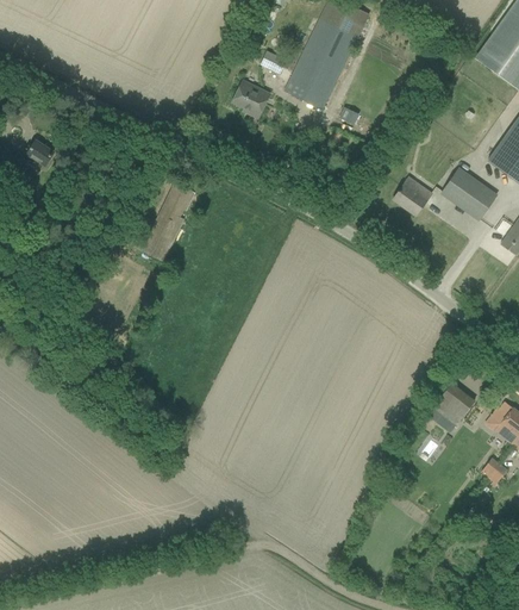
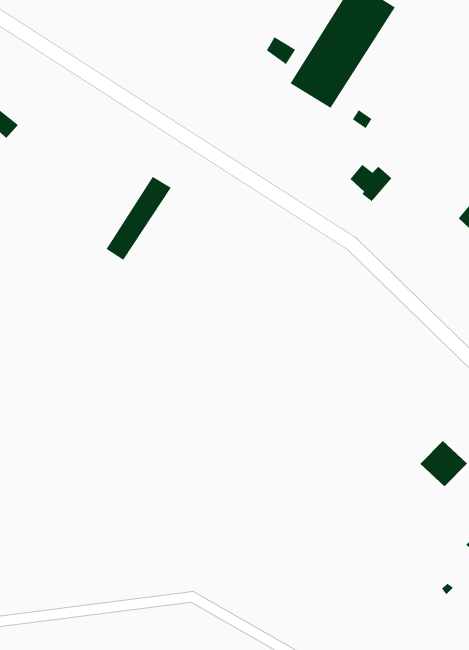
building: [233,80,270,117] -> none
building: [395,182,432,214] -> [350,164,392,202]

